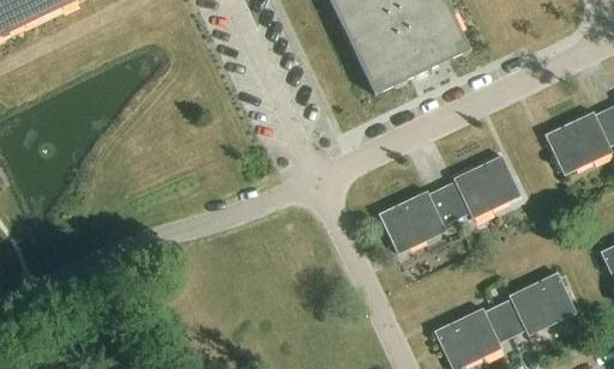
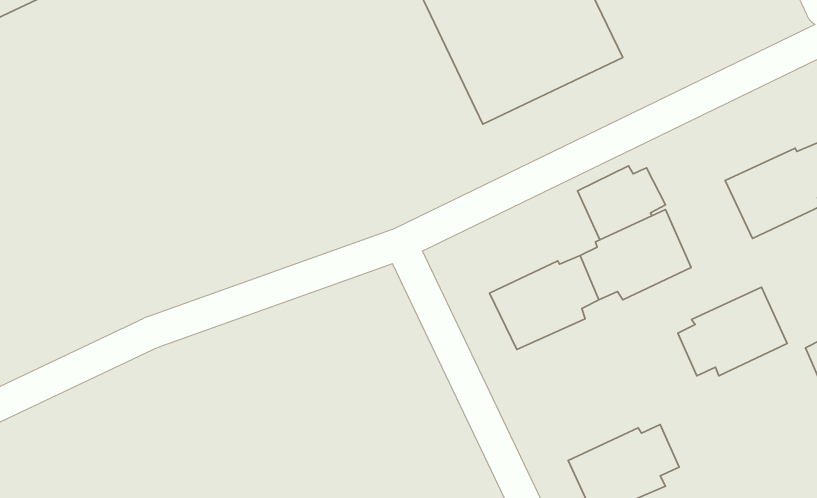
building: none -> [577,166,665,240]
building: [499,273,576,335] -> [678,287,787,376]

